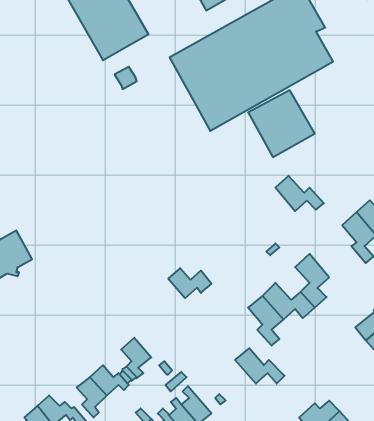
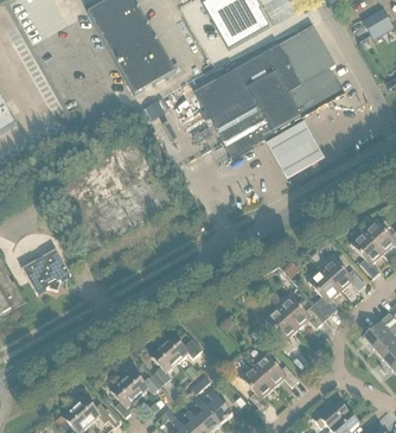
building: [275,176,324,211] -> [320,257,364,289]
building: [168,268,211,298] -> [161,335,200,362]
building: none -> [239,364,272,410]

